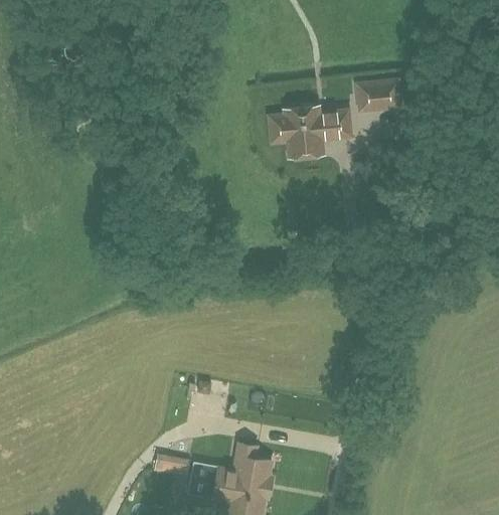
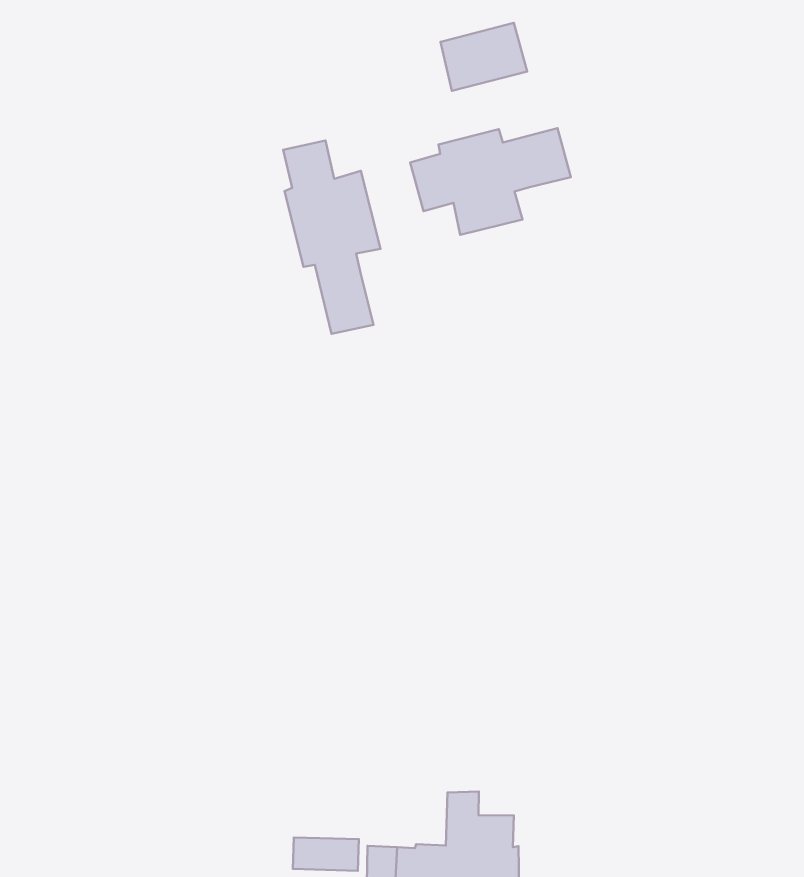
building: [357,79,399,110] -> [440,23,527,91]
building: none -> [283,141,381,334]

